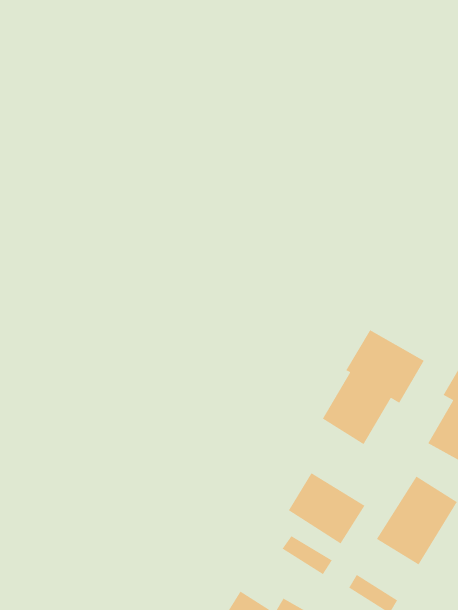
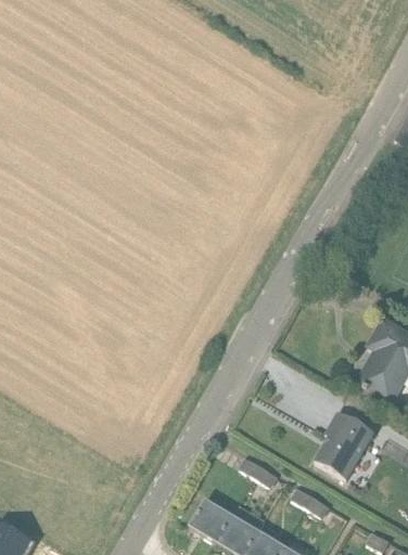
building: [322,329,425,445] -> none
building: [288,472,365,544] -> none

